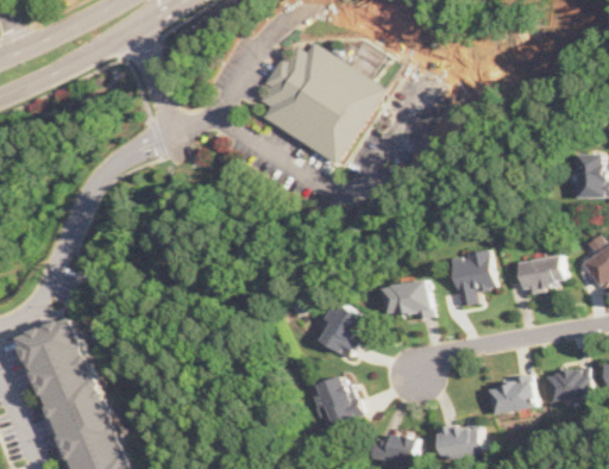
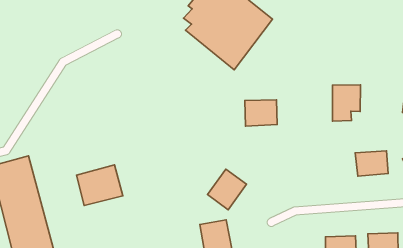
building: [451,250,494,305] -> [332,85,361,121]
building: [384,279,433,320] -> [245,100,277,126]
building: none -> [76,165,123,206]

